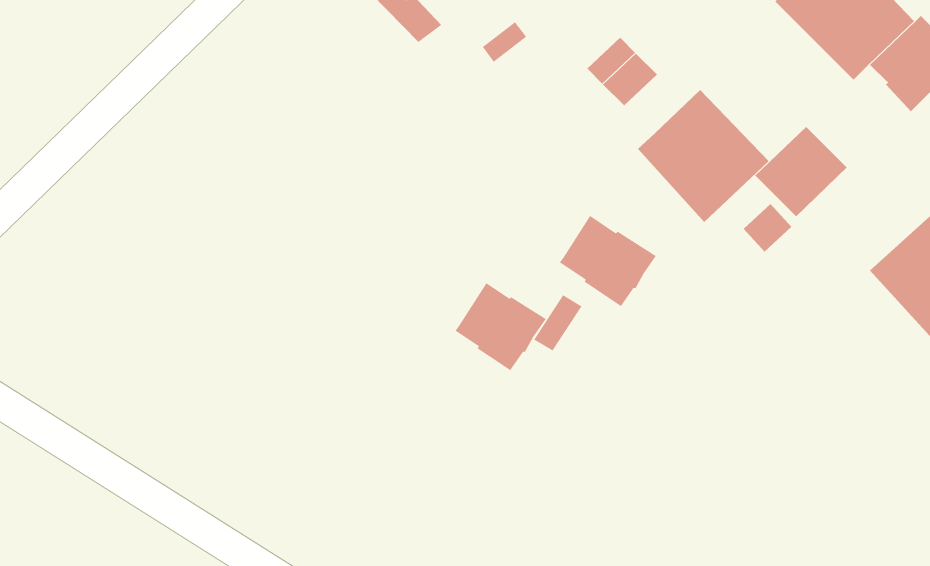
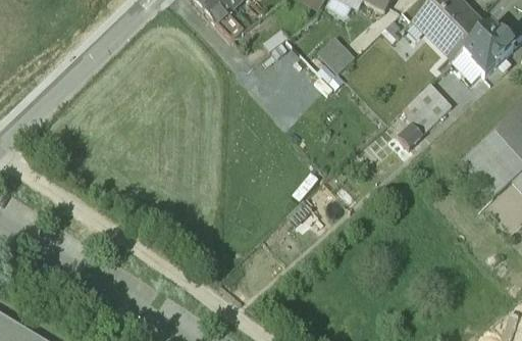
building: [637,89,769,223] -> none
building: [559,215,657,307] -> none
building: [454,282,547,371] -> none

